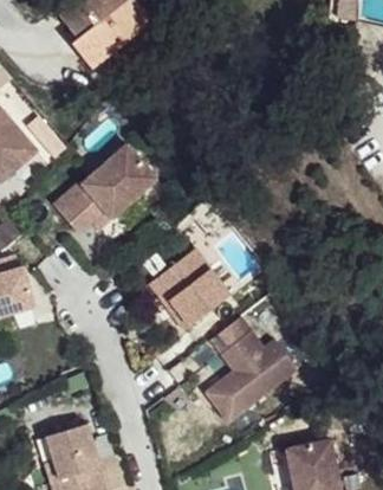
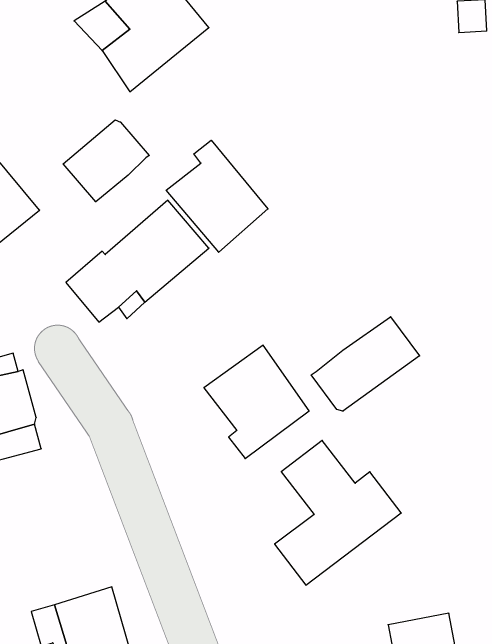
building: none -> [63,120,149,202]
building: none -> [166,140,268,252]
building: none -> [311,317,420,411]

